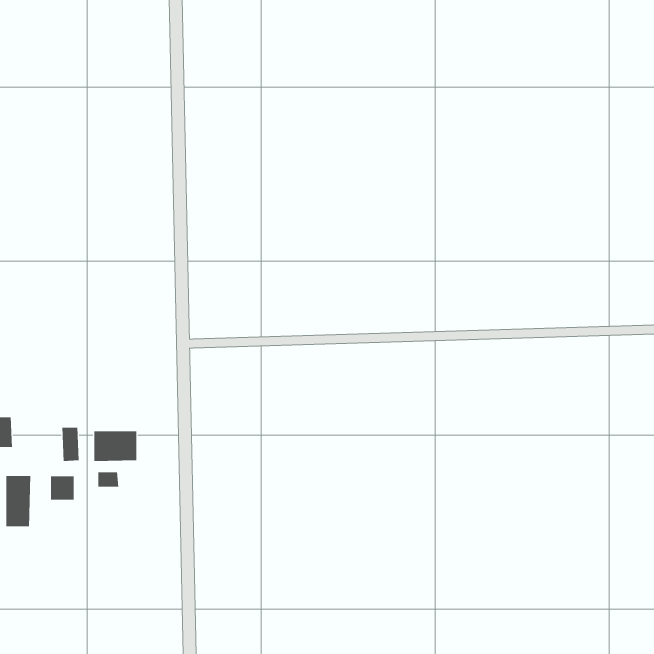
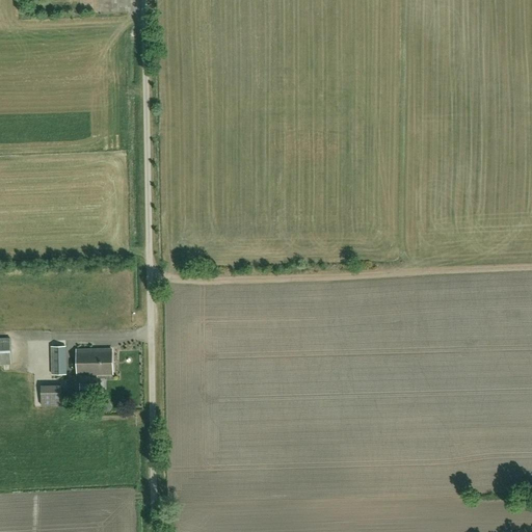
building: [6,475,31,527] -> none

